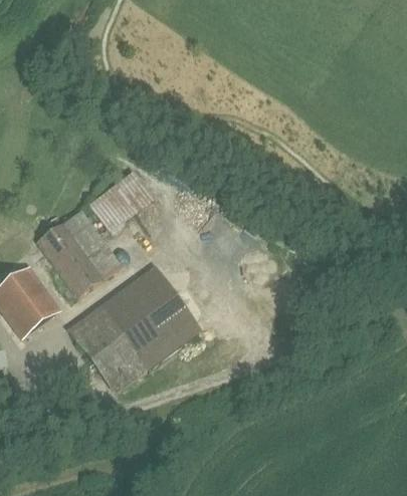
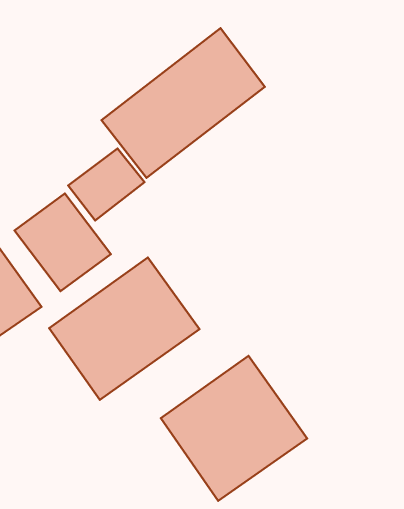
building: none -> [101,28,265,178]
building: none -> [161,356,307,501]

